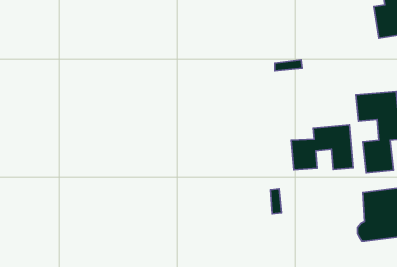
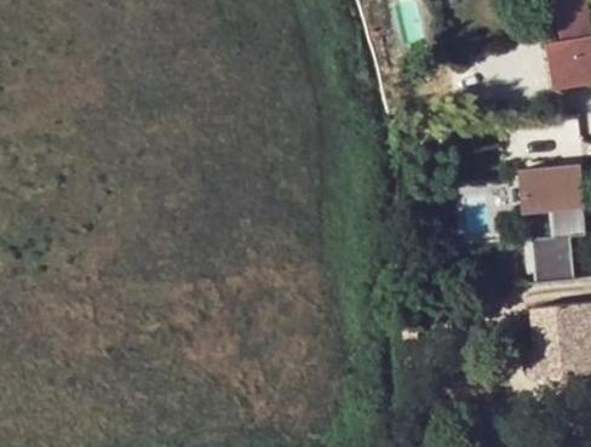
building: [291,125,353,170] -> none

